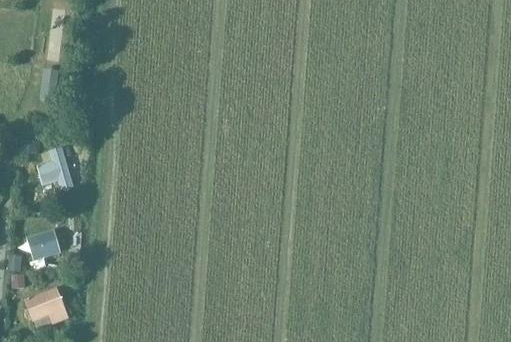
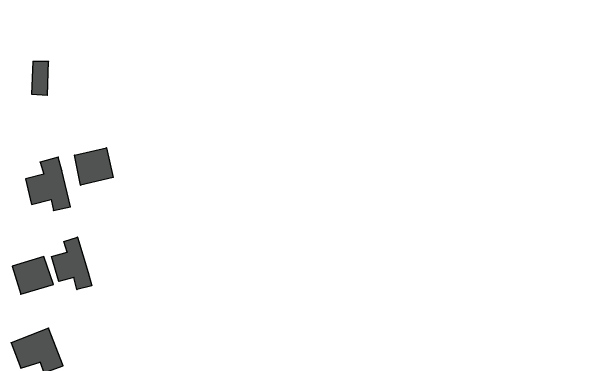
building: none -> [75,148,113,185]
building: none -> [52,237,92,290]

